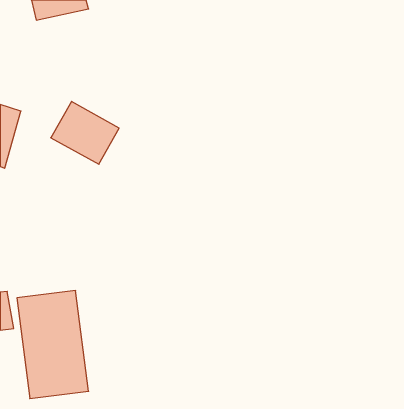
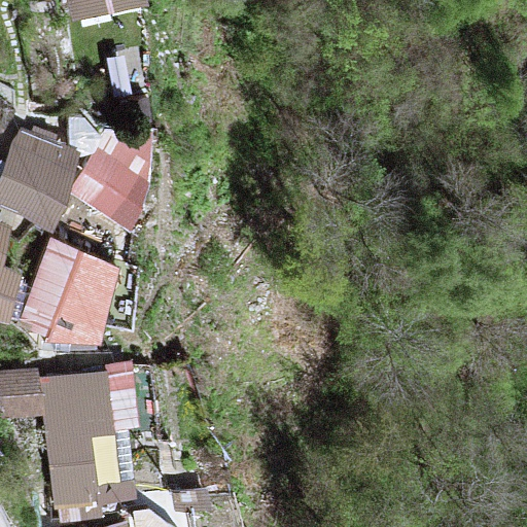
building: none -> [23,222,133,339]

